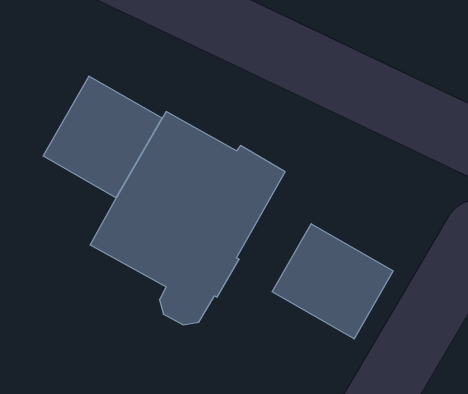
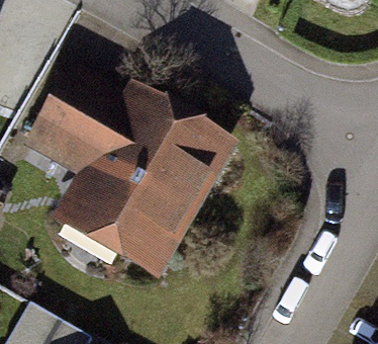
building: [272,224,393,339] -> none

